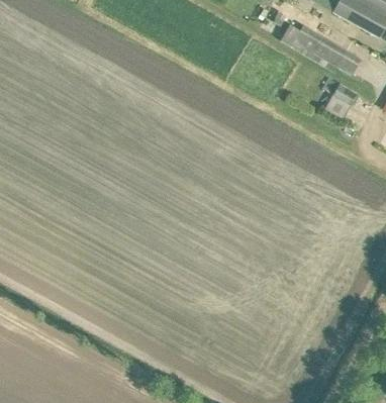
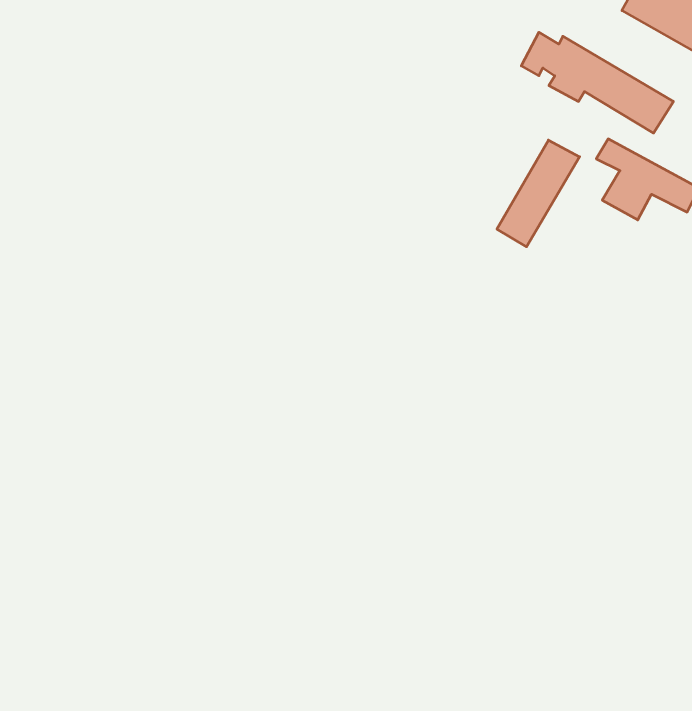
building: none -> [497,140,580,247]

